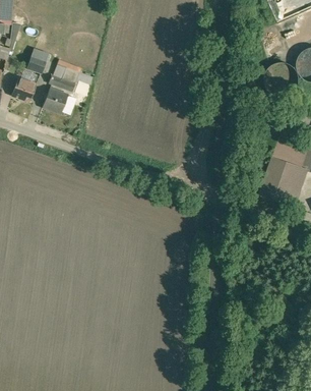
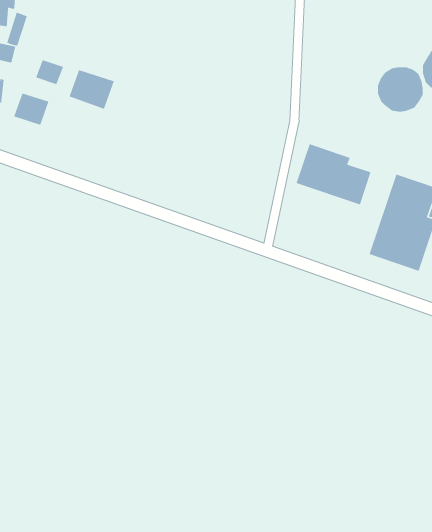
building: [41,86,69,114] -> none
building: none -> [296,143,372,205]

